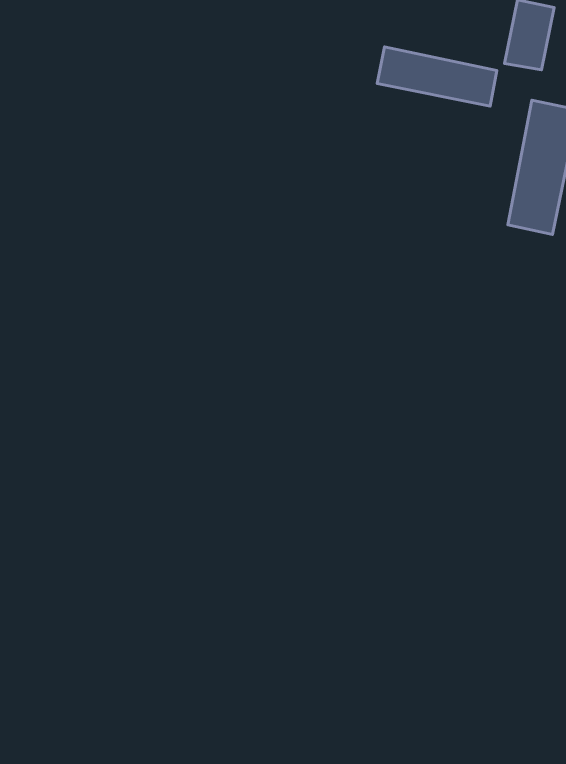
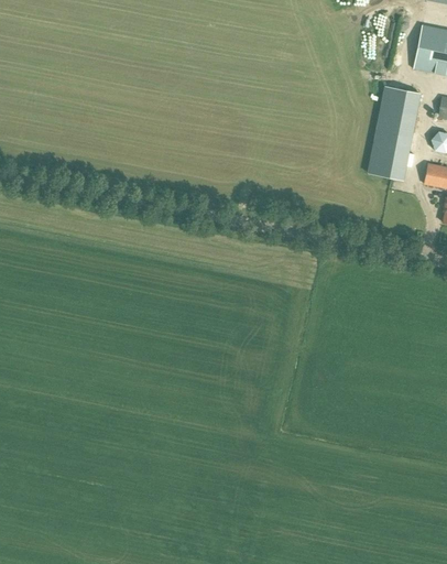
building: [377,47,497,106] -> none

